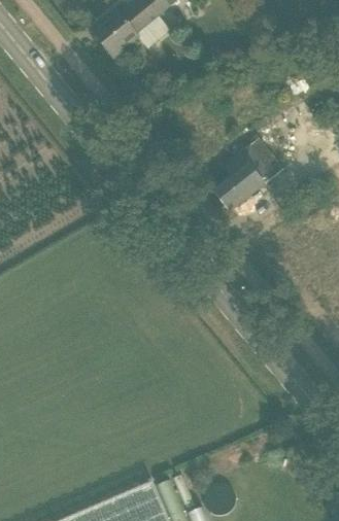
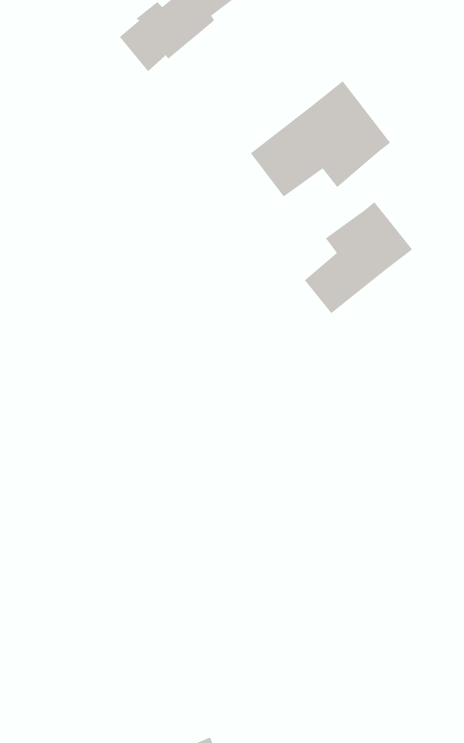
building: none -> [250,80,391,198]

